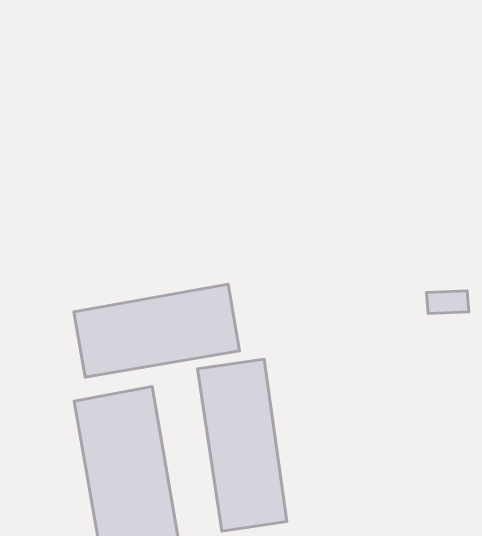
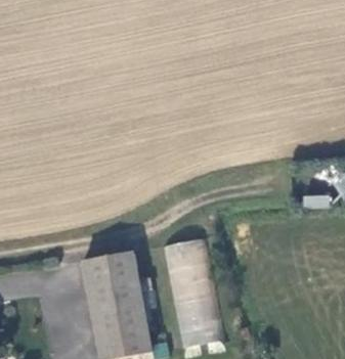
building: [74,284,240,377] -> none

